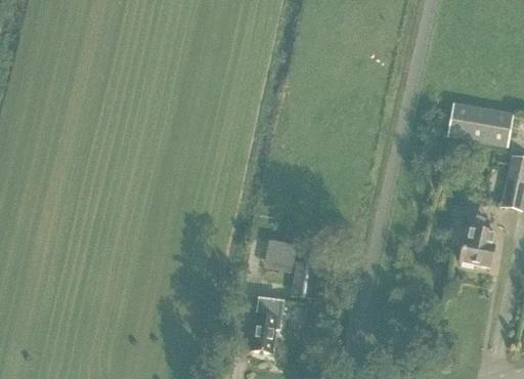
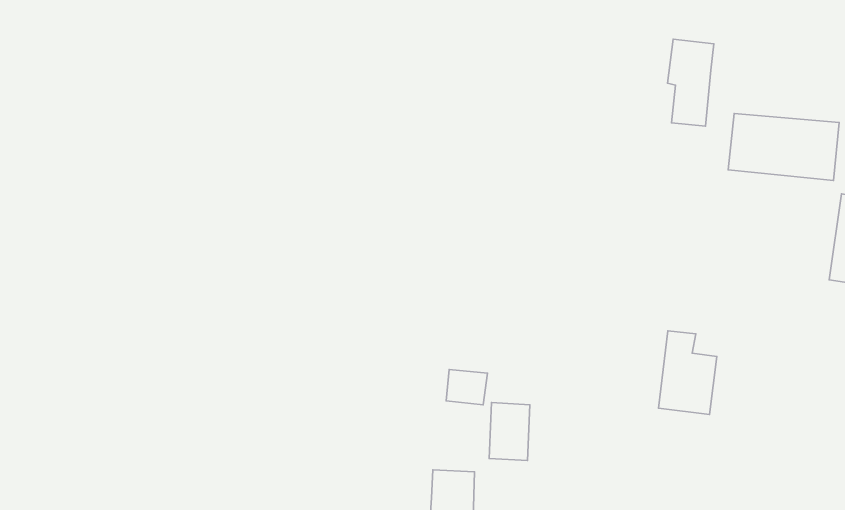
building: none -> [667,39,714,126]
building: [460,215,496,266] -> [658,331,717,414]

